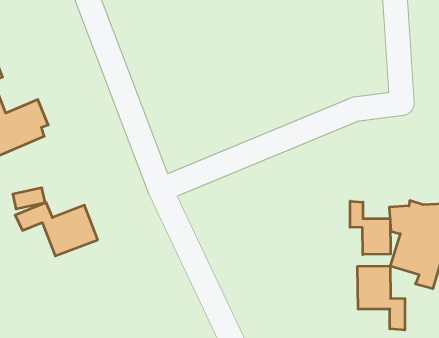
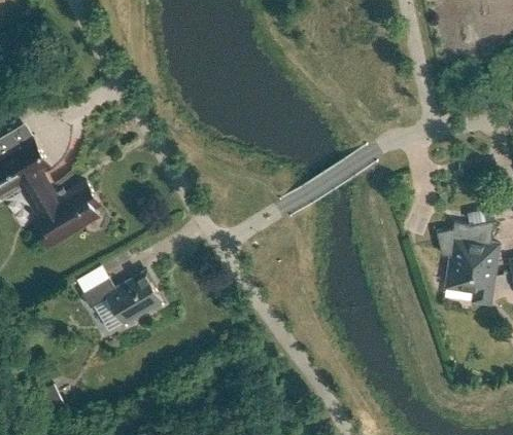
building: [350,201,391,255] -> none
building: [358,266,405,330] -> none

